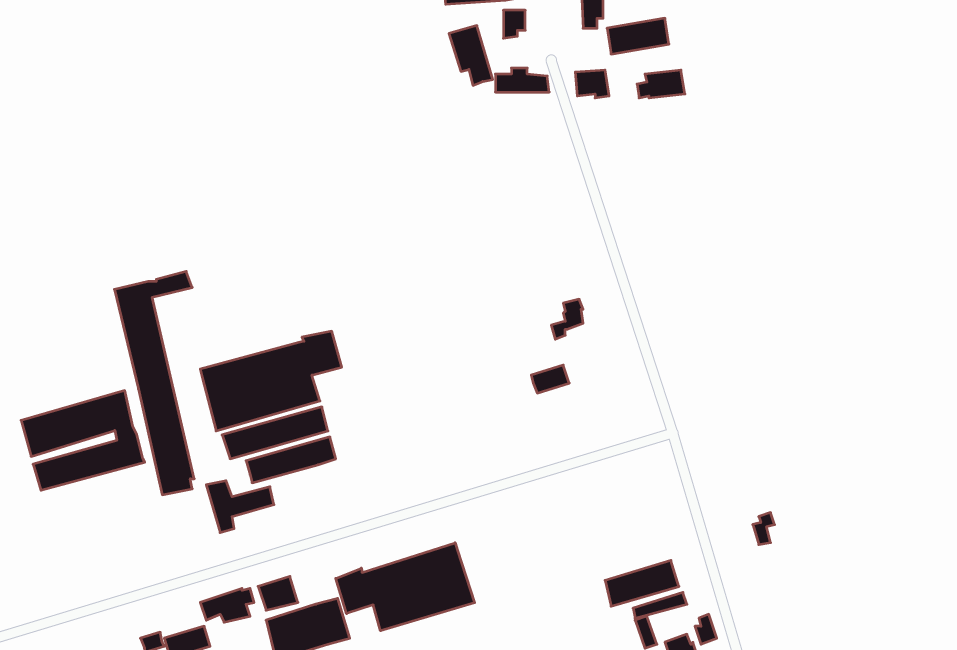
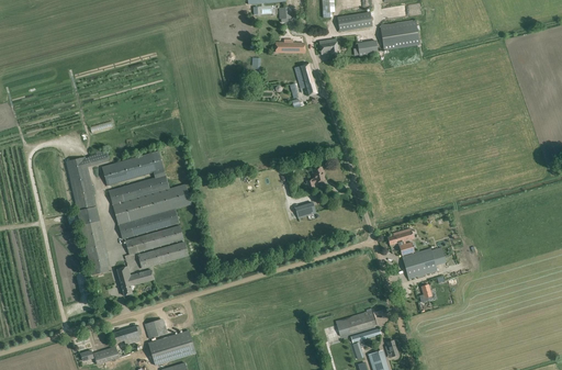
building: [449,26,493,85] -> [294,63,318,96]
building: none -> [380,19,419,49]
building: [21,391,145,490] -> [102,149,170,204]
building: none -> [387,227,437,278]
building: [336,543,475,631] -> none

